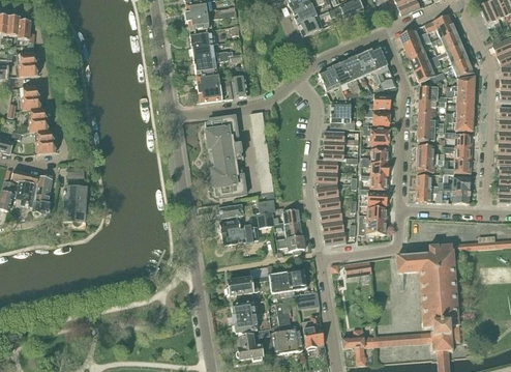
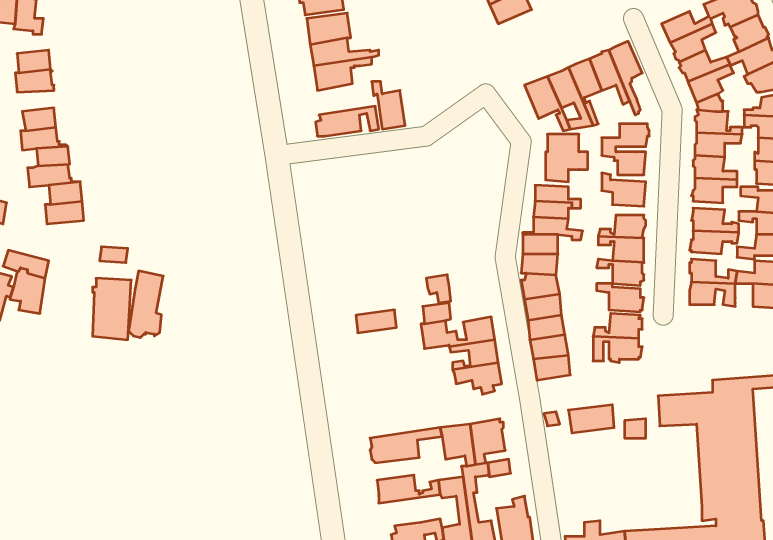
building: [196,70,230,89] -> none
building: [205,115,245,198] -> none
building: [31,175,52,214] -> [128,271,163,338]
building: [216,220,258,244] -> none
building: [232,313,269,333] -> none

